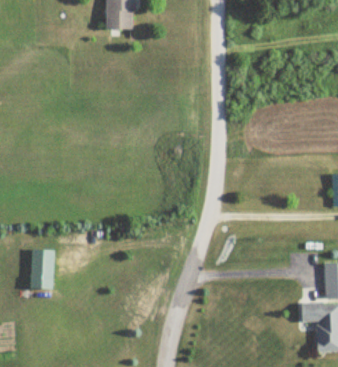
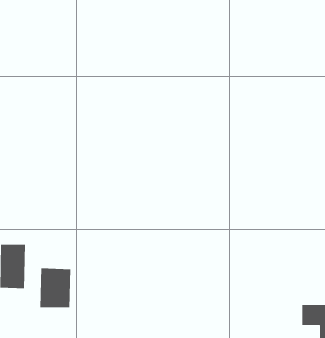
building: none -> [40,268,71,308]

